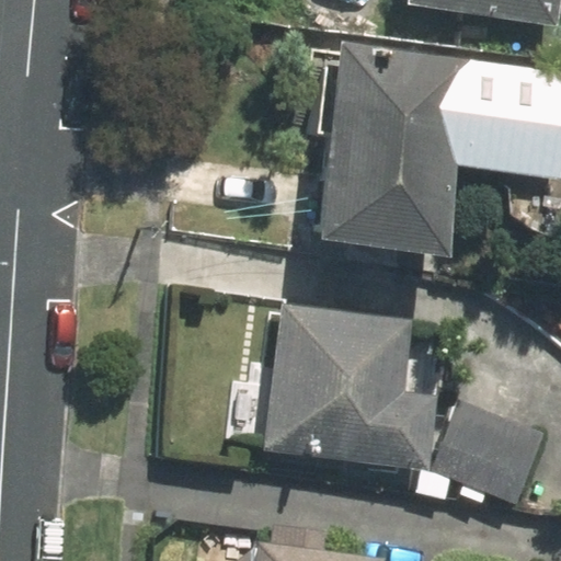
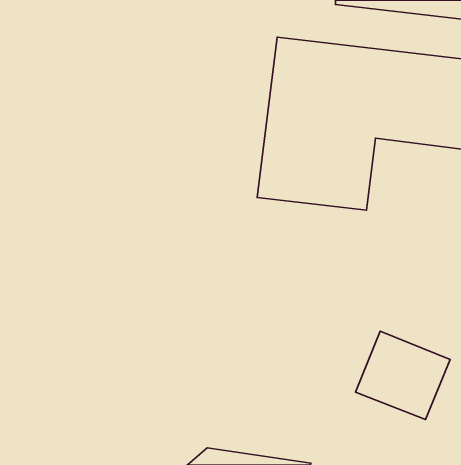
building: [265,305,435,473] -> none

